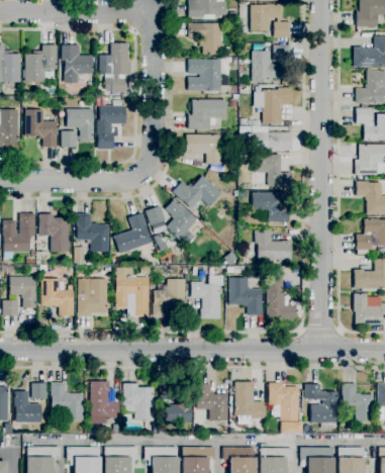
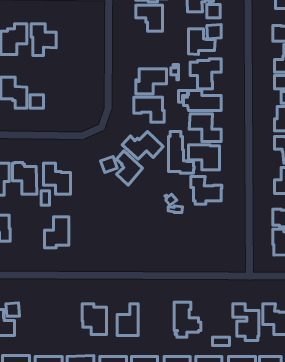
building: [100,43,131,92] -> none
building: [189,60,229,91] -> none
building: [98,106,126,150] -> none
building: [67,109,93,141] -> none
building: [114,213,153,254] -> none
building: [116,269,150,317] -> none
building: [267,269,298,319] -> [168,132,194,173]
building: [192,276,224,318] -> none
building: [230,278,263,315] -> none
building: [41,279,75,316] -> none
building: [154,279,186,317] -> none
building: [91,382,120,423] -> none
building: [53,383,85,421] -> none
building: [269,383,299,421] -> none
building: [197,384,229,421] -> none

